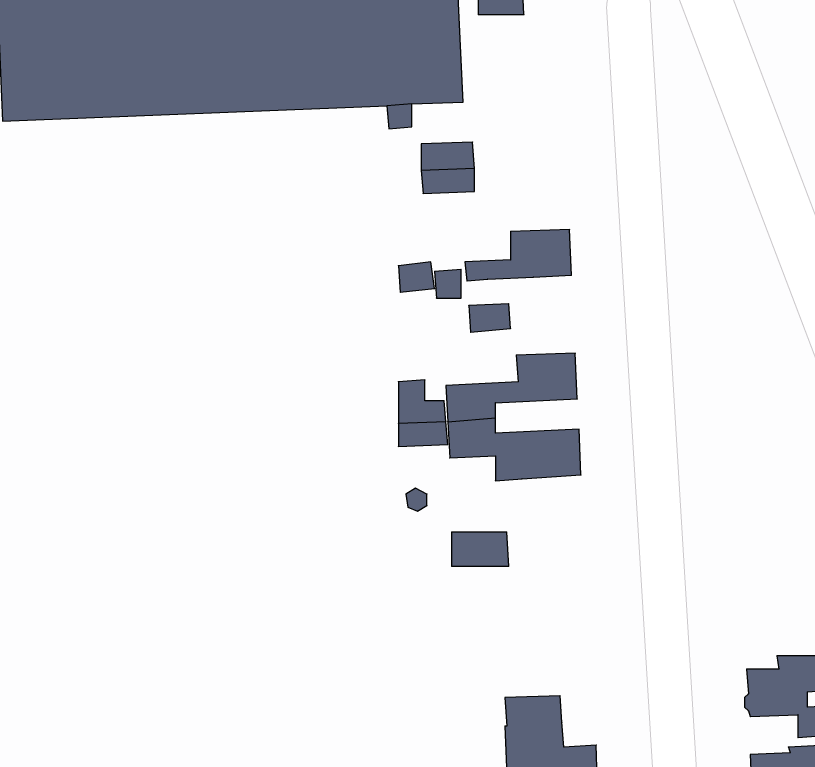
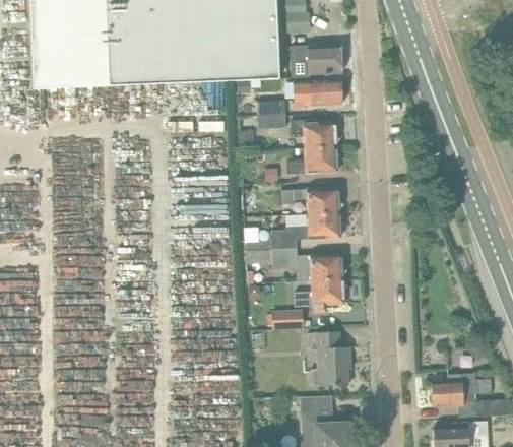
building: none -> [291,45,341,74]
building: none -> [294,78,342,106]
building: none -> [291,121,336,147]
building: none -> [307,187,339,213]
building: none -> [295,277,344,312]
building: none -> [307,331,350,386]

